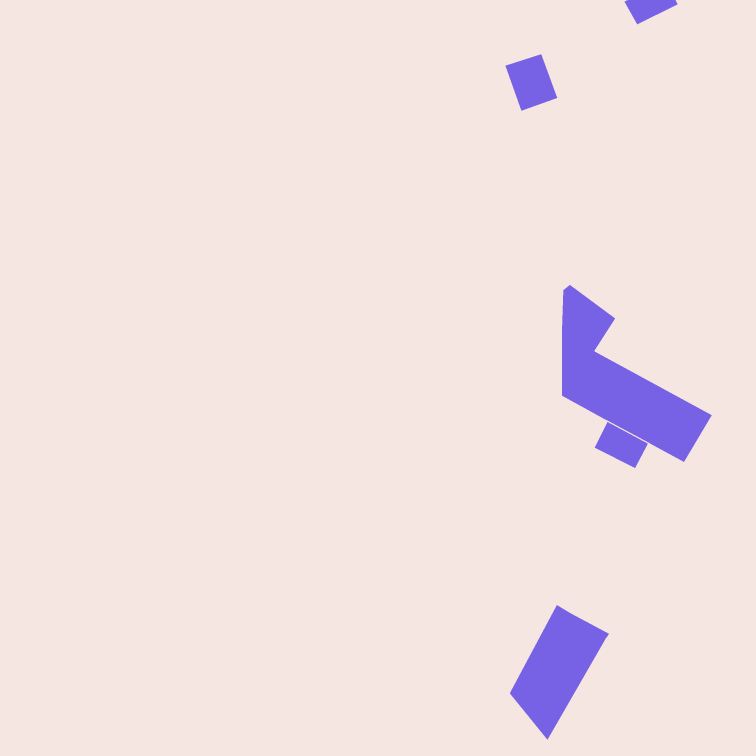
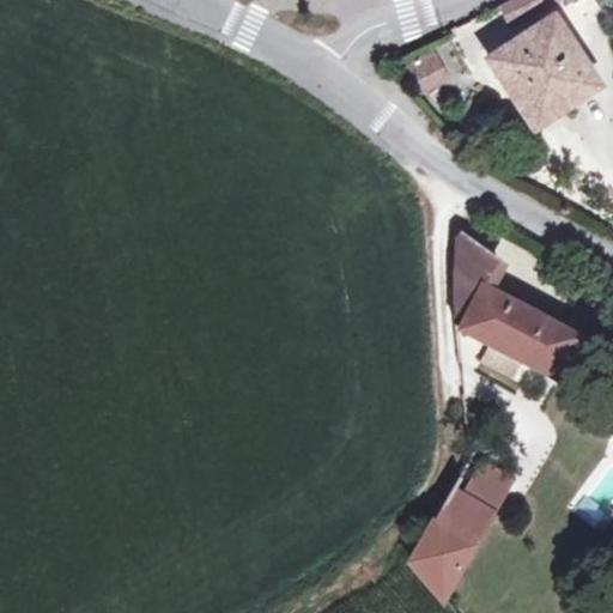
building: none -> [494,14,603,125]
building: none -> [463,461,514,515]

